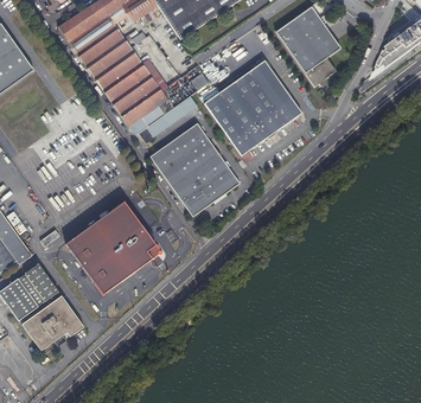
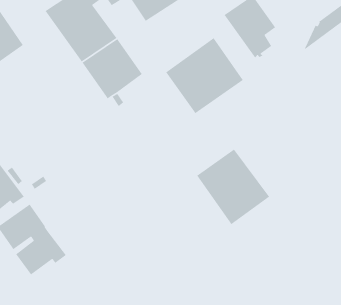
building: [151,122,241,216] -> [196,148,270,225]
building: [66,200,155,292] -> none

